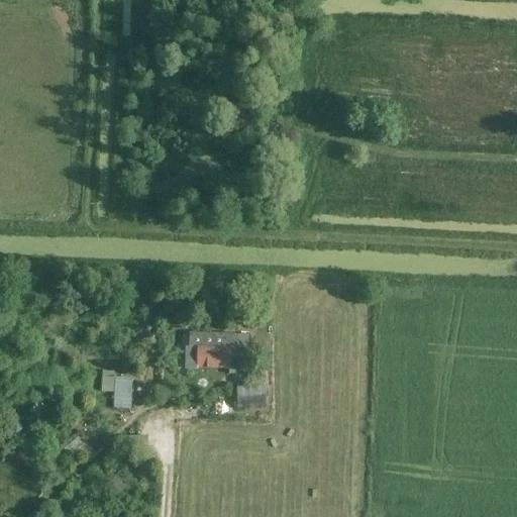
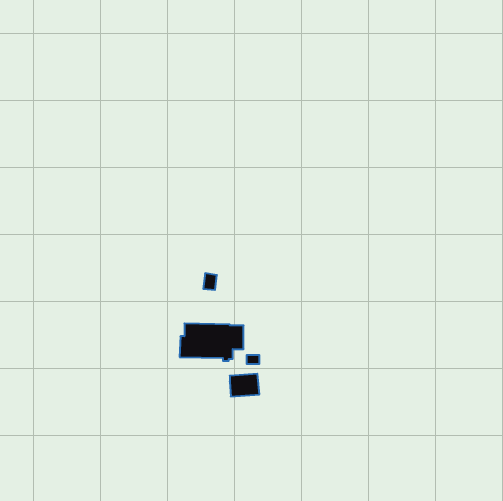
building: [112,375,131,406] -> none

